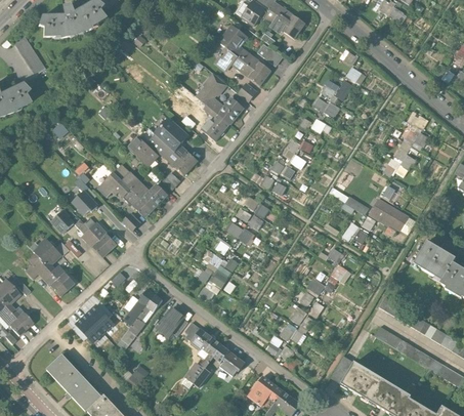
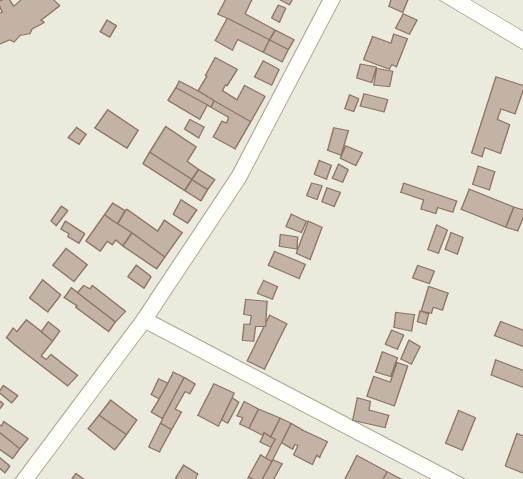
building: [128,136,159,166] -> [95,110,138,148]
building: [26,254,68,297] -> none
building: [341,363,382,401] -> none

